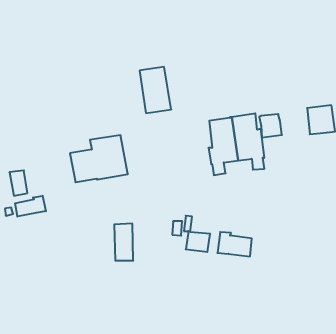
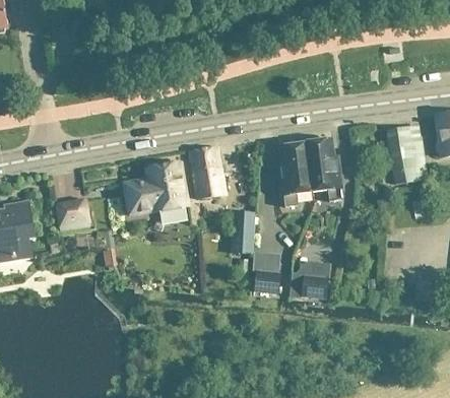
building: [140,67,171,113] -> [190,146,226,198]
building: [259,114,282,138] -> [390,158,415,185]
building: [15,196,46,217] -> none
building: [114,224,133,261] -> [234,210,255,252]

